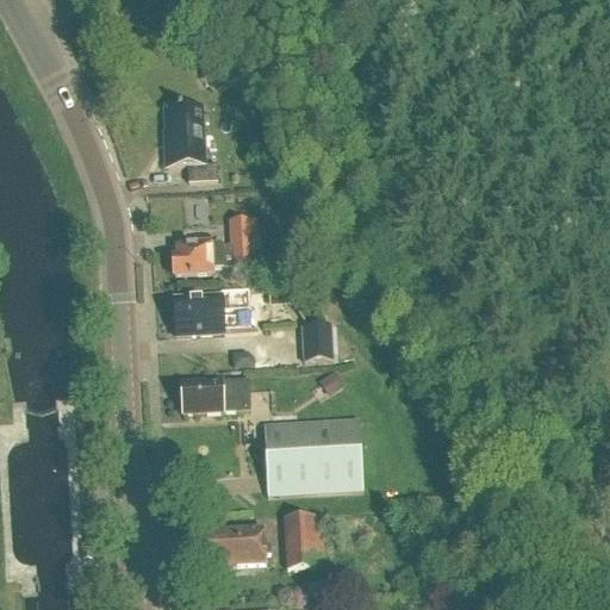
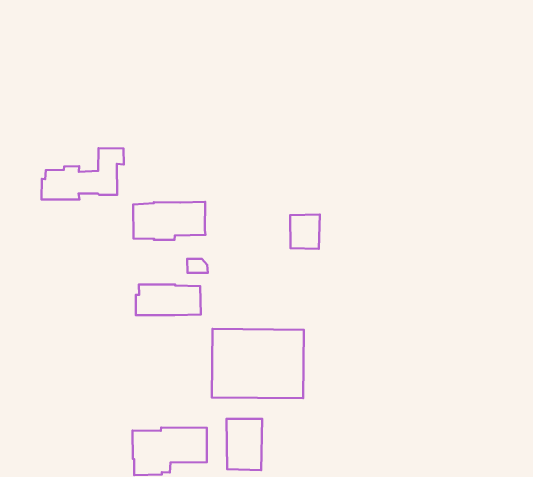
building: [164,102,217,180] -> none
building: [173,216,257,274] -> [42,148,124,199]
building: [300,323,332,360] -> [290,214,320,249]

